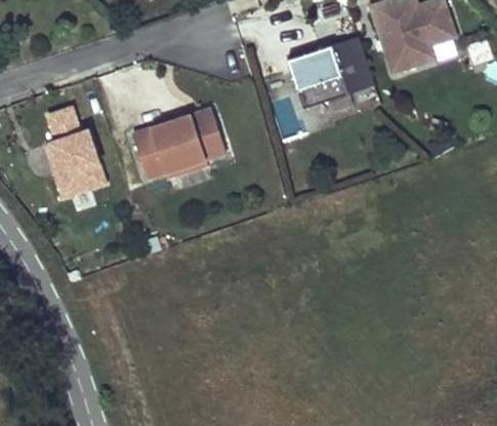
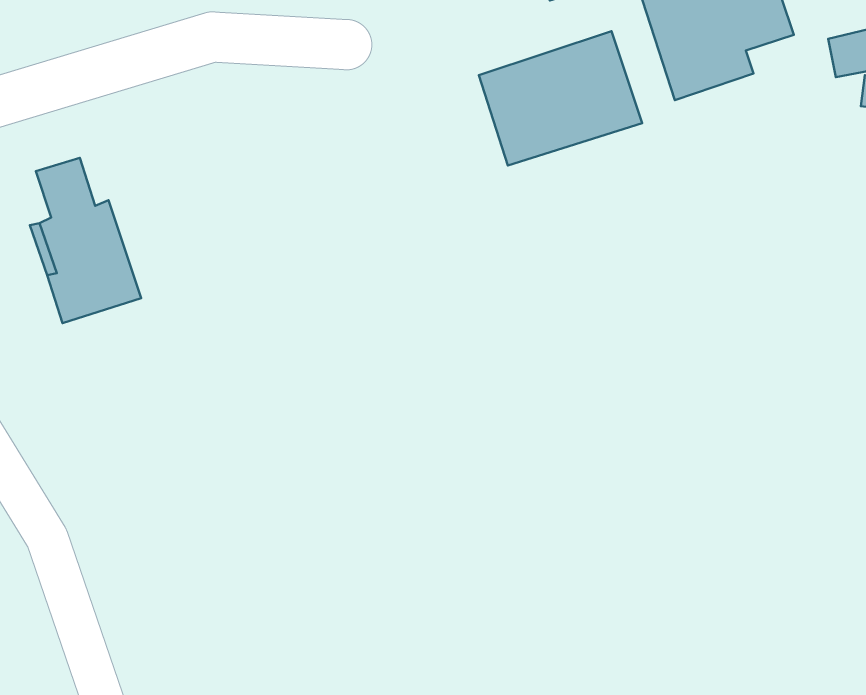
building: [134,107,226,176] -> none

